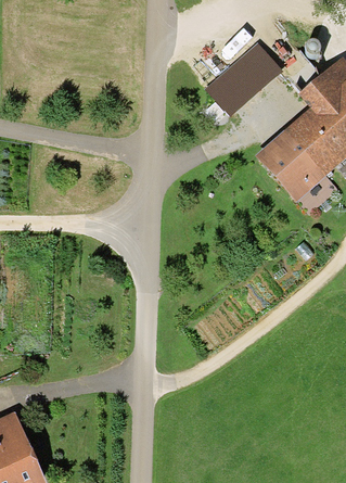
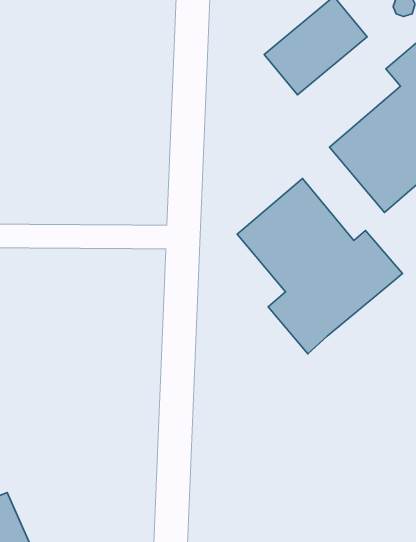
building: none -> [237,178,402,354]

